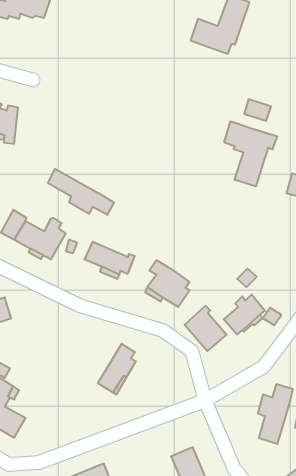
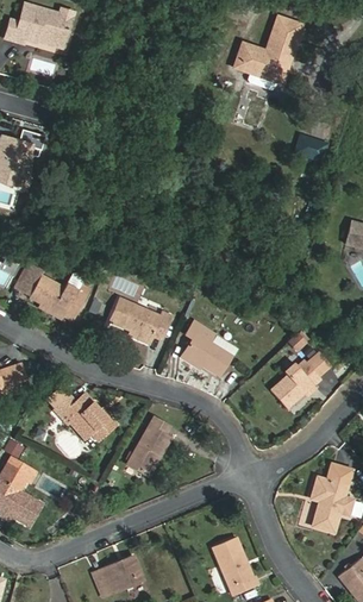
building: [224,121,277,186] -> none
building: [48,169,114,215] -> none
building: [185,306,227,351] -> none
building: none -> [52,394,115,440]

